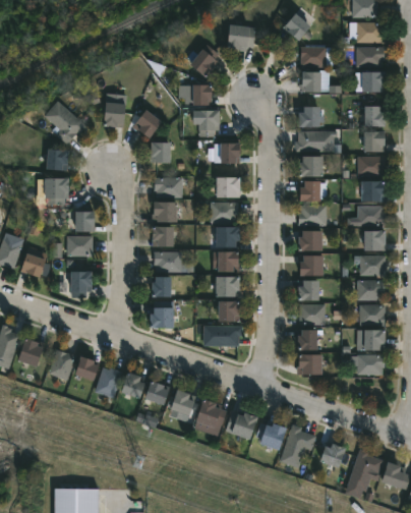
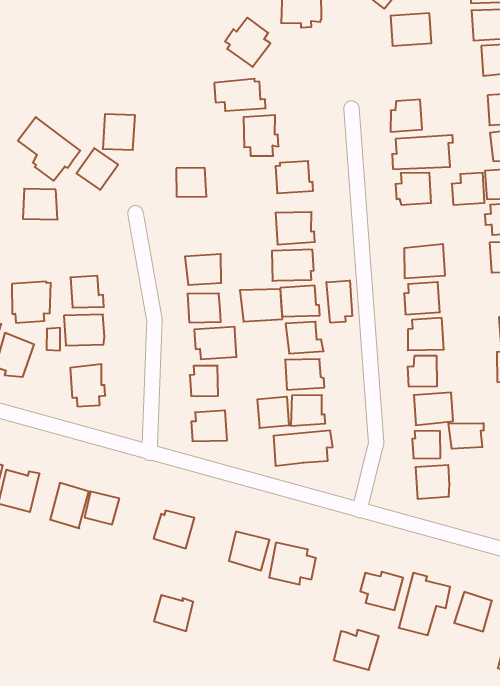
building: [299,71,330,92] -> none
building: [131,109,160,137] -> [76,148,118,190]
building: [43,177,70,204] -> [12,282,51,323]
building: [155,177,182,198] -> [240,289,282,322]
building: [298,180,319,201] -> [452,173,485,205]
building: none -> [326,280,352,323]
building: none -> [257,397,289,428]
building: none -> [448,423,484,449]
building: [94,367,123,399] -> none
building: [142,381,170,406] -> [154,595,193,631]
building: [225,412,256,440] -> [334,630,379,670]

